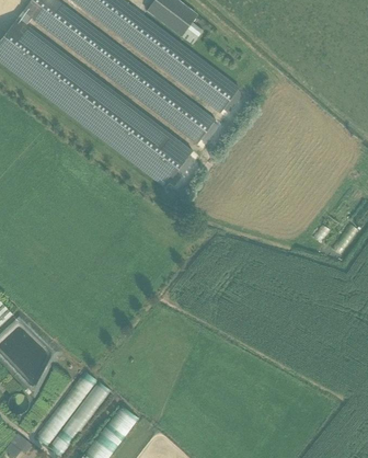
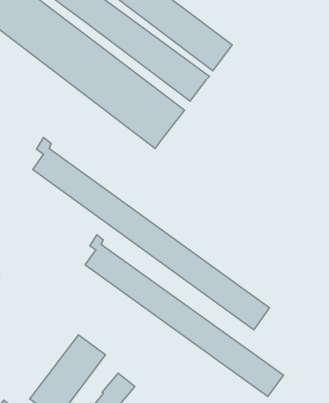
building: none -> [33,137,270,330]
building: none -> [85,235,283,397]

